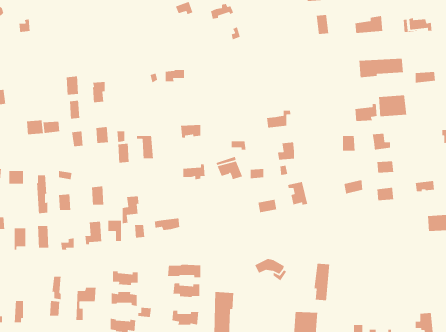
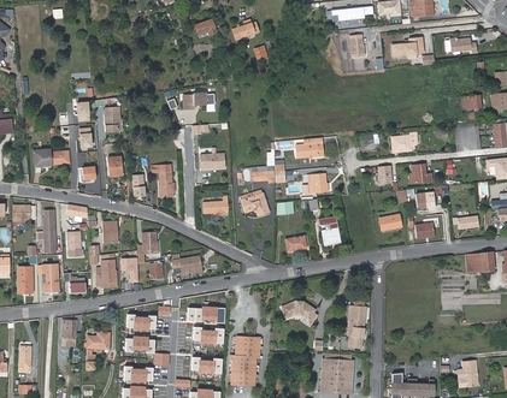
building: [358,58,404,78] -> none
building: [378,94,407,117] -> none

